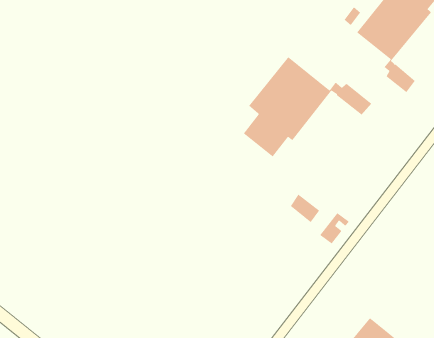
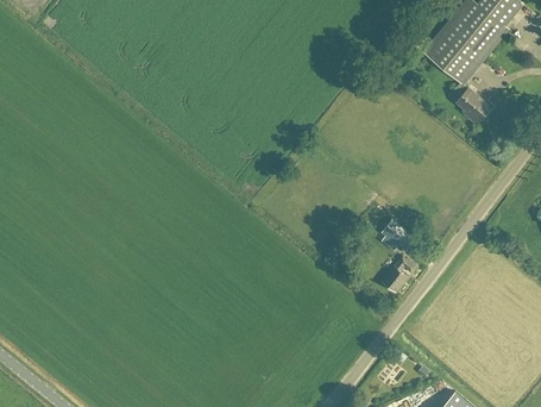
building: [243,56,372,158] -> none
building: [290,194,320,223] -> [382,220,416,253]

